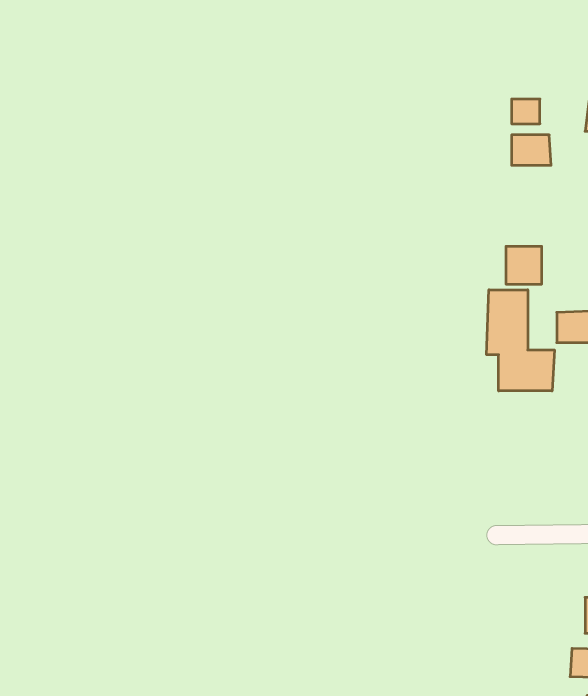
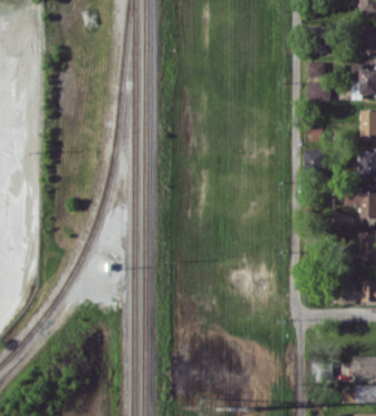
building: [487,290,554,391] -> none

